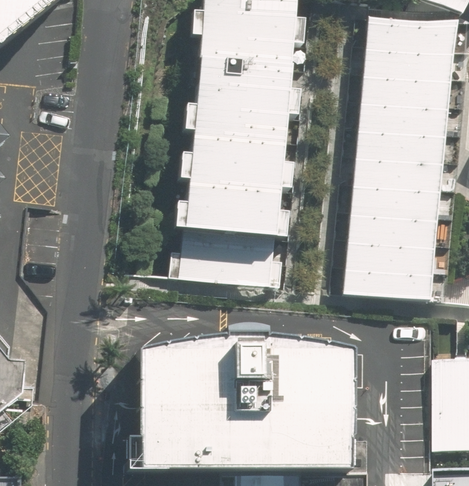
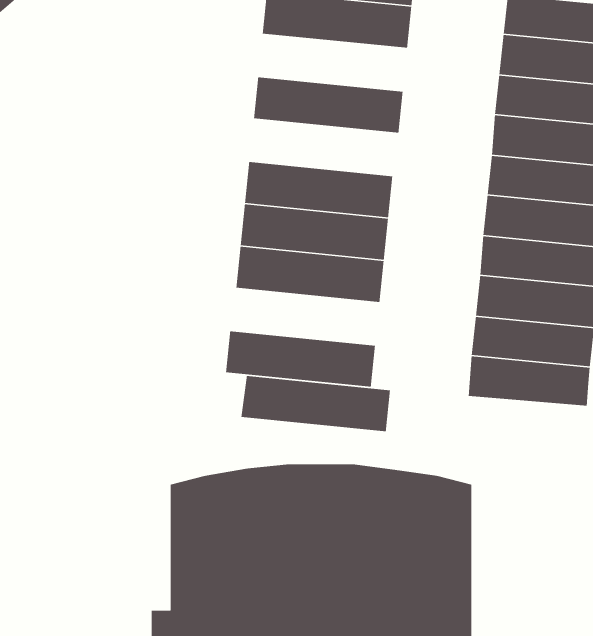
building: [200,43,303,82] -> none
building: [194,101,297,140] -> none
building: [181,217,284,256] -> [240,375,391,432]

